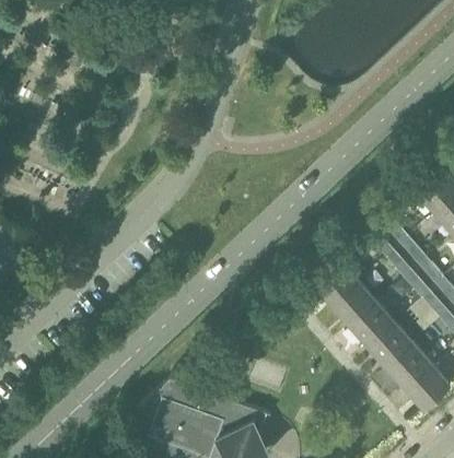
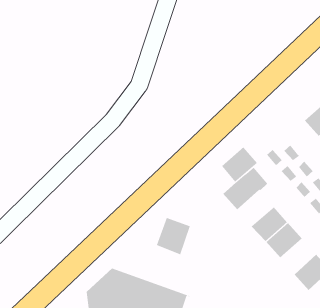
building: [330,283,377,329] -> [221,146,258,182]
building: none -> [156,217,190,255]
building: [385,344,431,390] -> none

